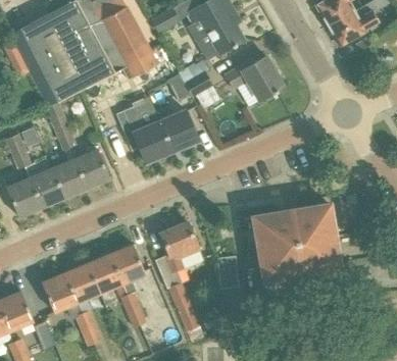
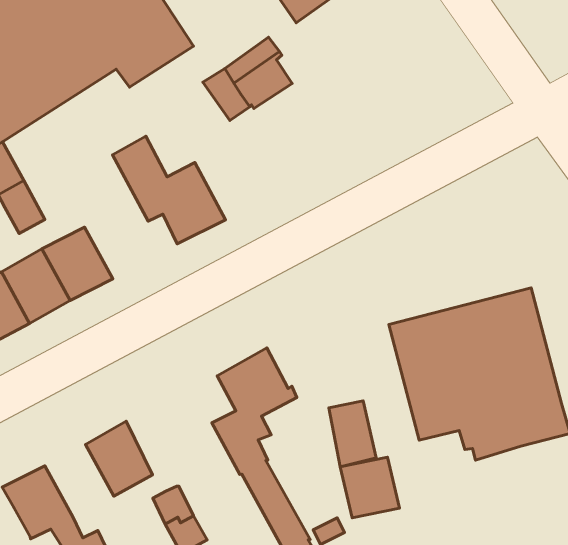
building: [224,54,283,101] -> none
building: [158,110,198,153] -> none
building: [109,245,144,283] -> none
building: [64,264,99,302] -> none
building: none -> [340,457,400,518]

